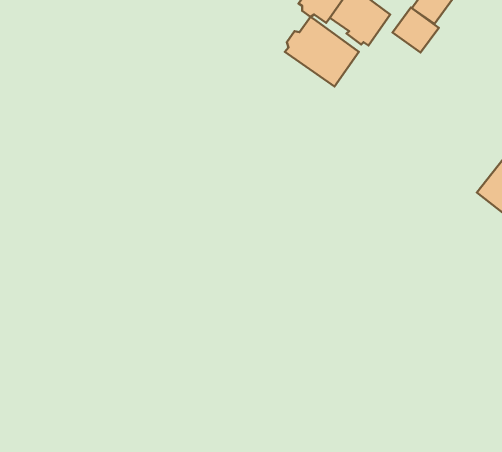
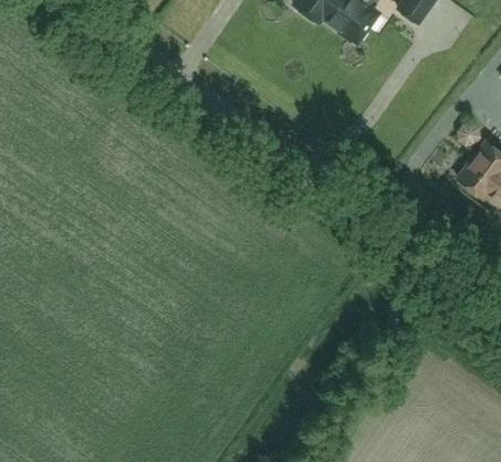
building: [392,8,439,52] -> none
building: [285,17,359,86] -> none

